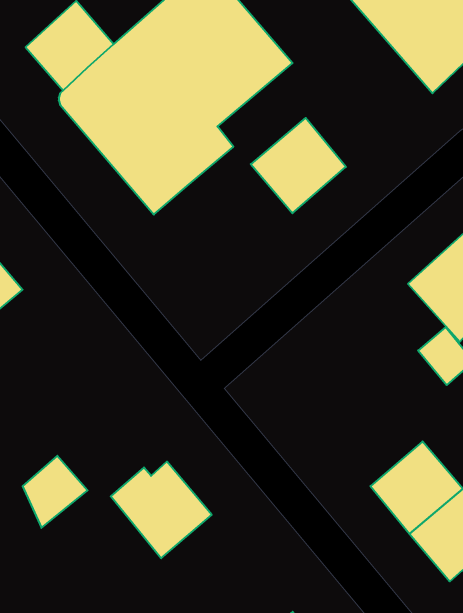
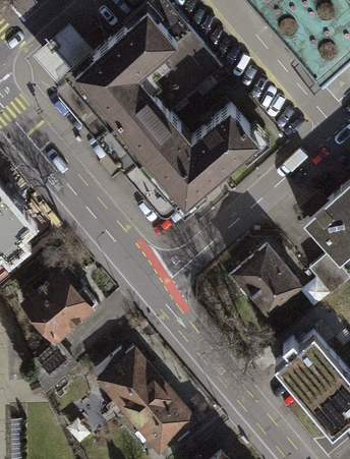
building: none -> [125,125,223,217]
building: none -> [236,245,301,310]
building: none -> [25,274,98,339]
building: none -> [130,385,198,448]

